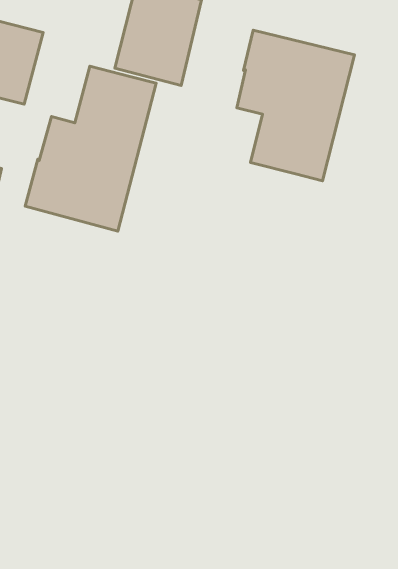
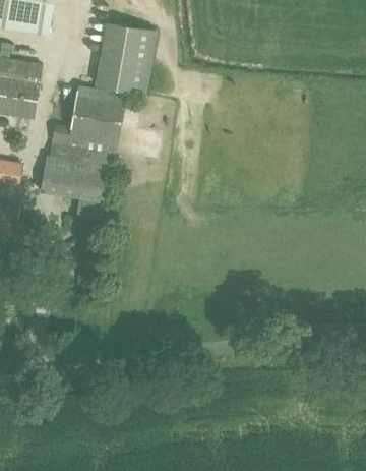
building: [237,30,354,181] -> none

